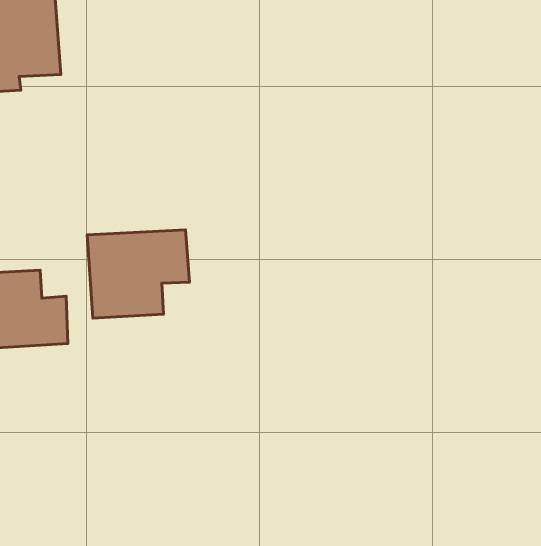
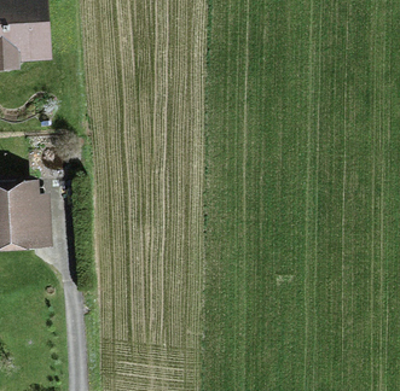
building: [87,230,189,318] -> none

